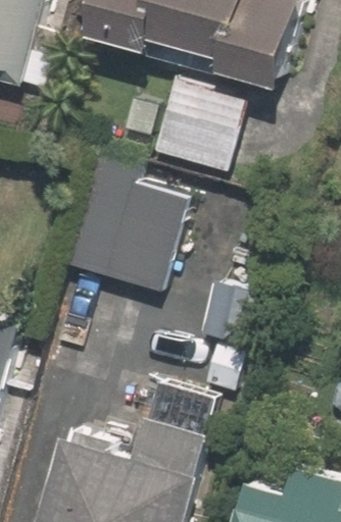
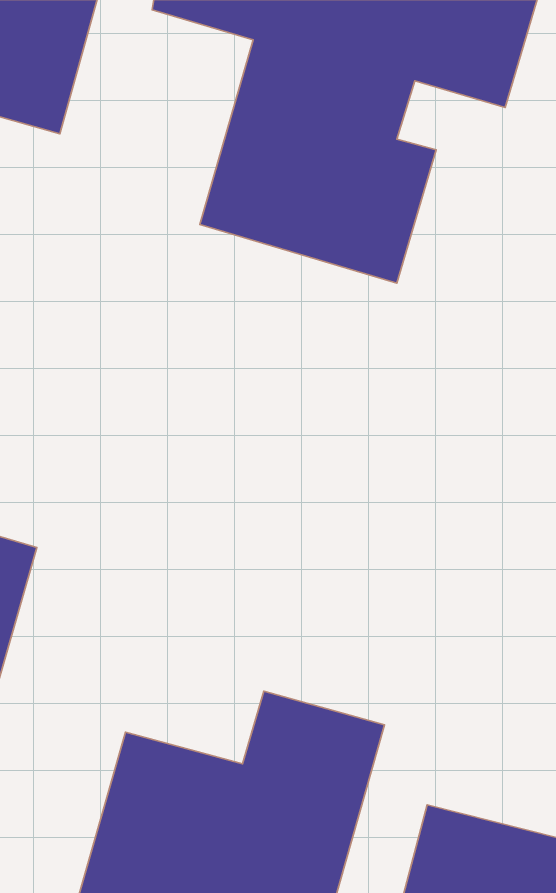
building: [67,161,192,286] -> none

